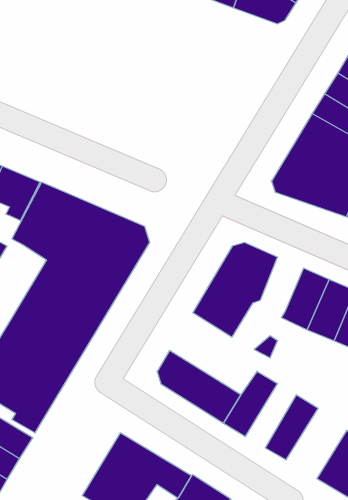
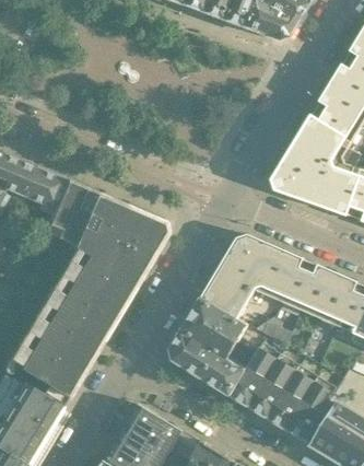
building: none -> [262,248,301,296]
building: none -> [181,299,247,360]
building: none -> [249,361,294,418]
building: none -> [285,383,332,441]

